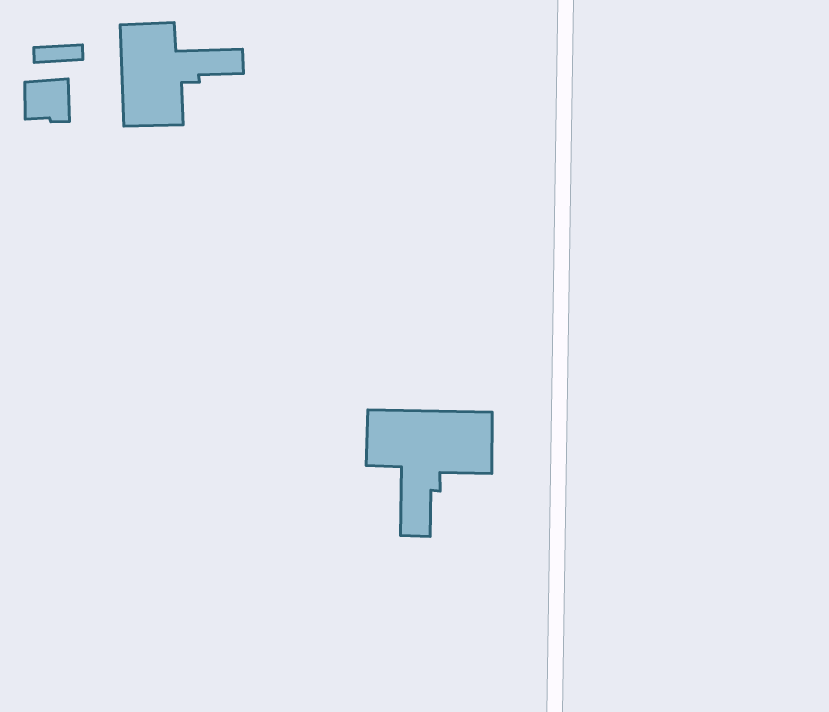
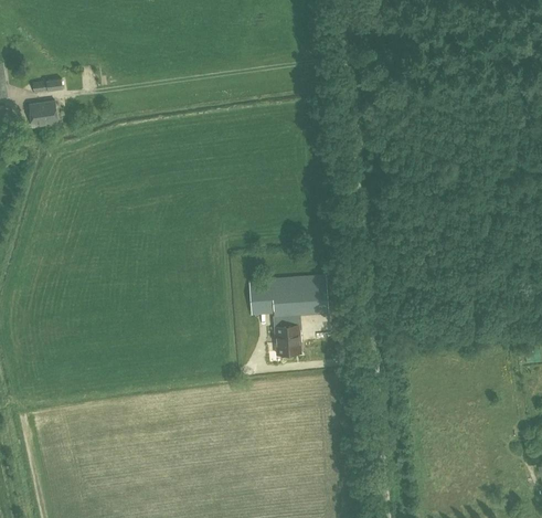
building: [120,23,244,126] -> none

